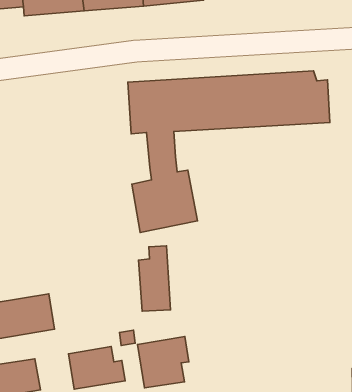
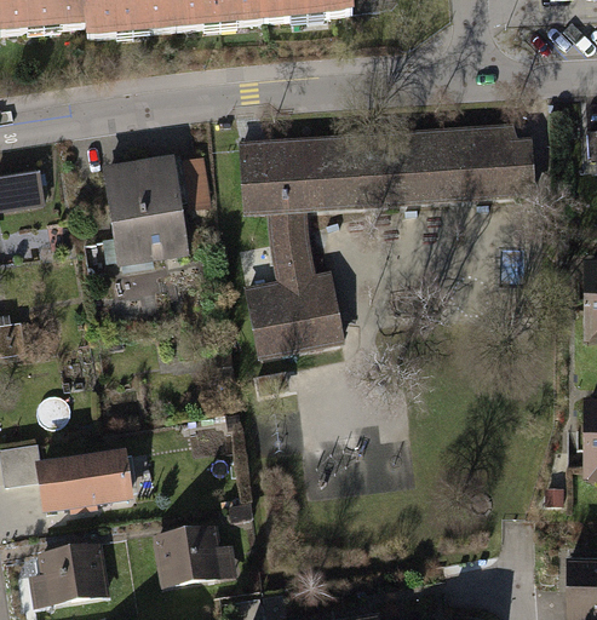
building: none -> [103,154,211,260]
building: [138,246,171,311] -> none
building: [138,337,189,388] -> none

